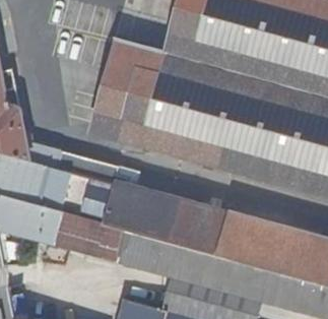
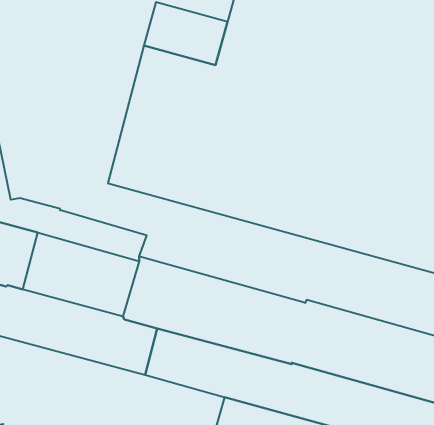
building: [35,165,114,221] -> none

